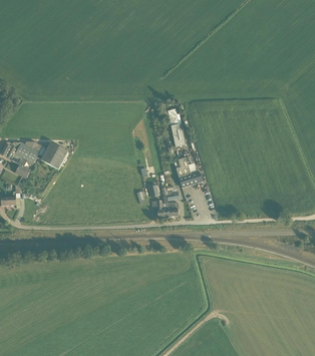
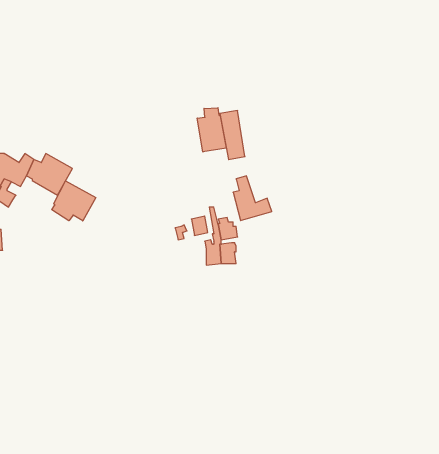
building: none -> [197,108,226,152]
building: none -> [52,181,96,221]

